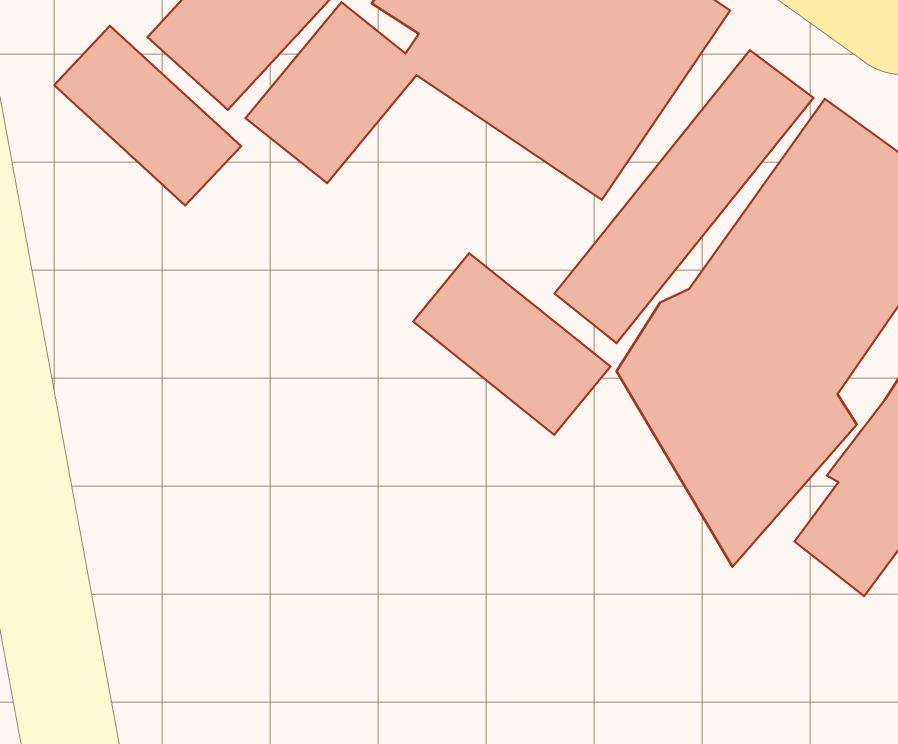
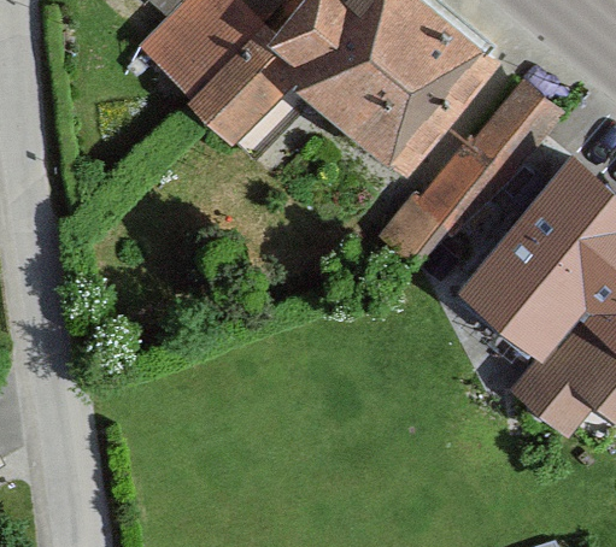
building: [54,26,241,206] -> none
building: [413,253,610,435] -> none

